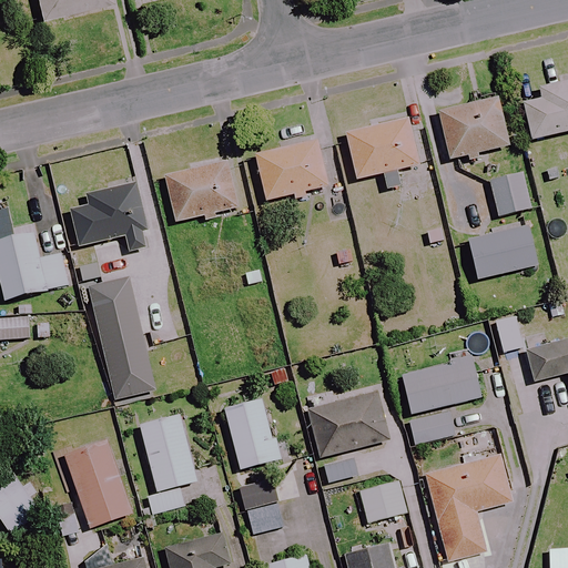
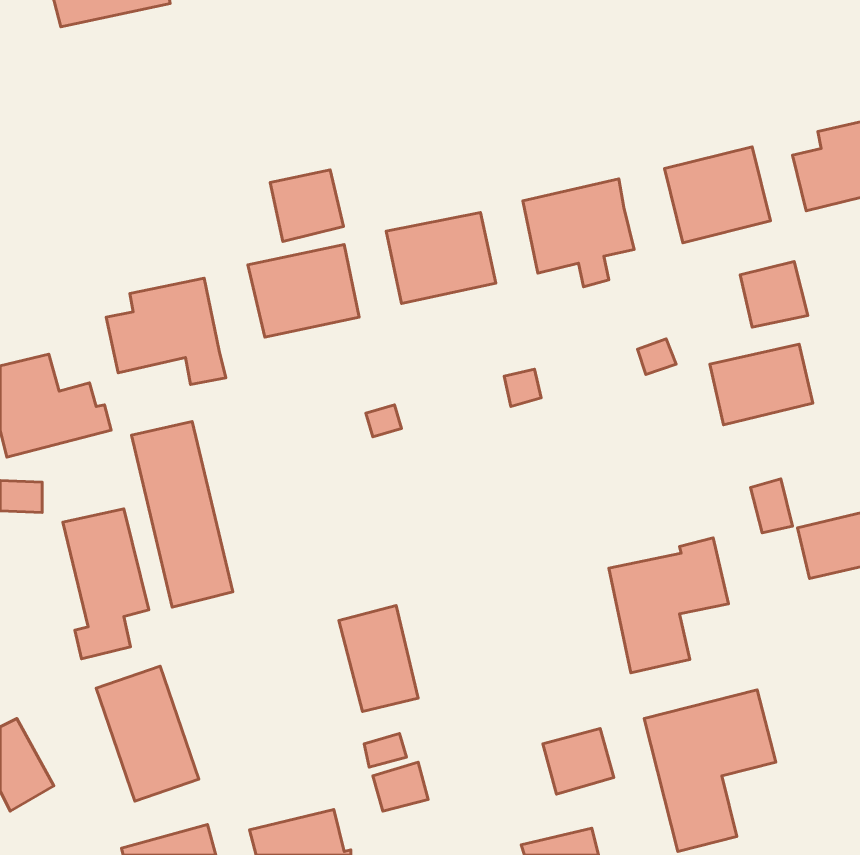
building: none -> [270,170,343,242]
building: [307,390,388,483] -> none
building: [140,415,196,514] -> [63,509,149,659]

